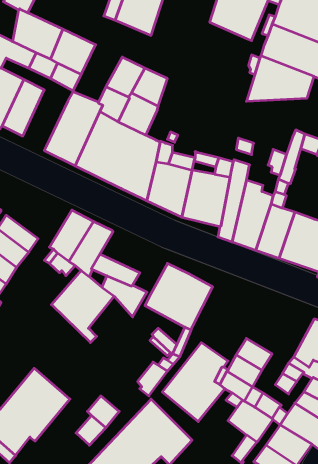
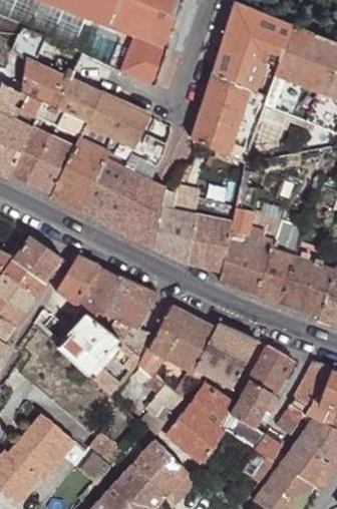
building: none -> [191,71,249,153]
building: none -> [87,93,127,134]
building: none -> [30,137,74,192]
building: none -> [14,235,62,283]
building: none -> [105,273,157,316]
building: none -> [196,323,258,387]
building: none -> [249,344,294,395]

